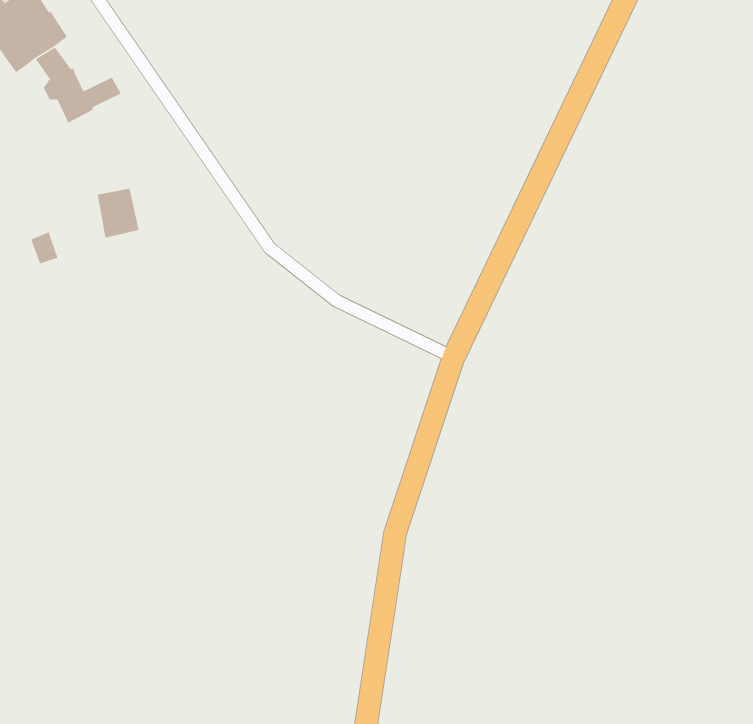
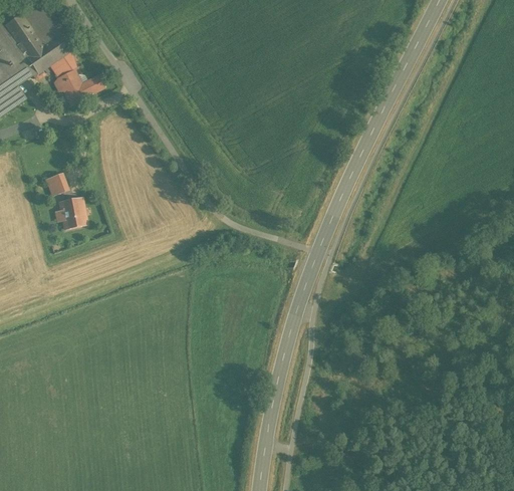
building: [97,188,140,238] -> [58,196,85,228]

